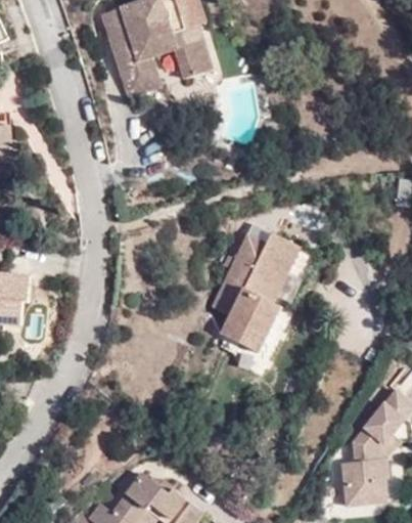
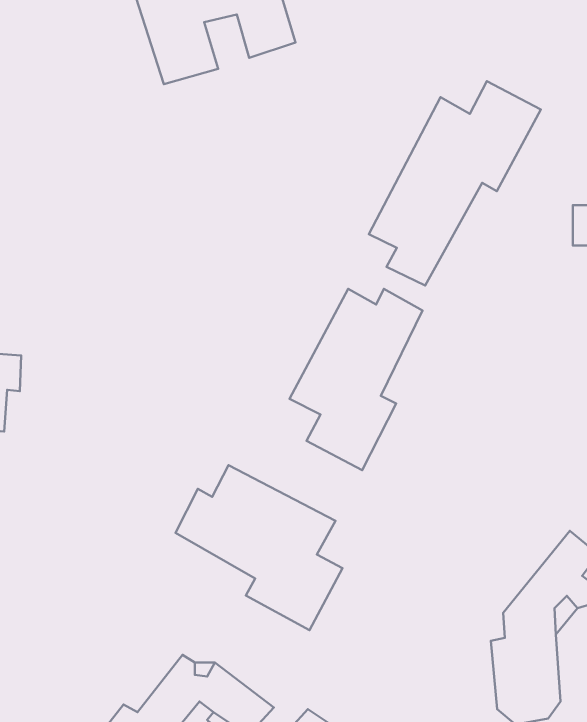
building: none -> [369,81,541,286]
building: none -> [176,465,342,630]

